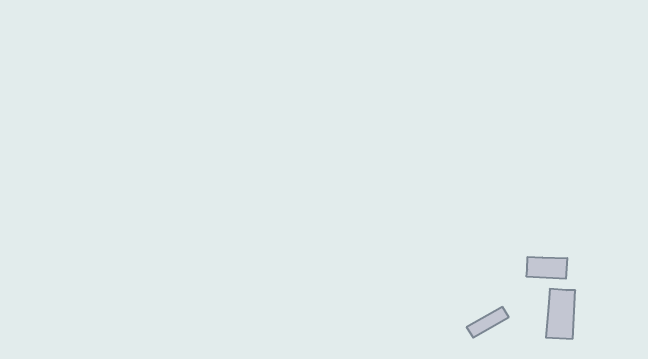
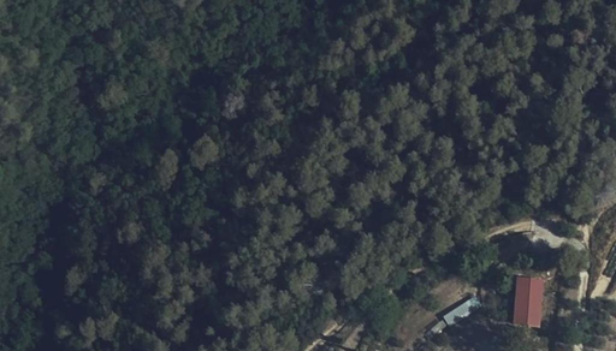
building: [527,257,567,279] -> none

